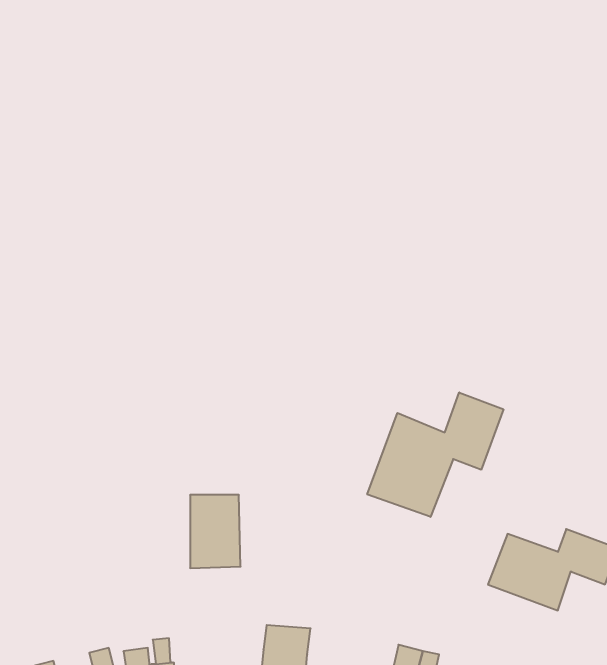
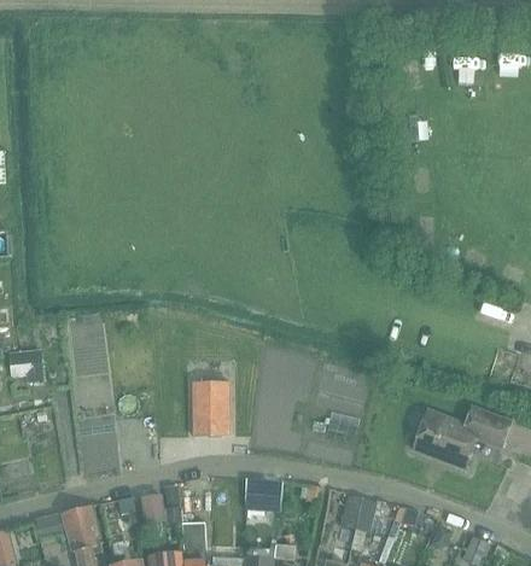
building: [367,392,503,517] -> none

